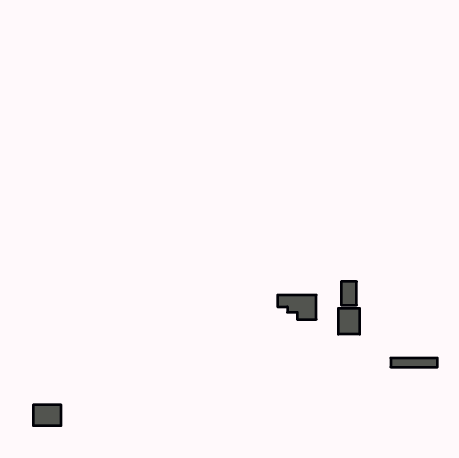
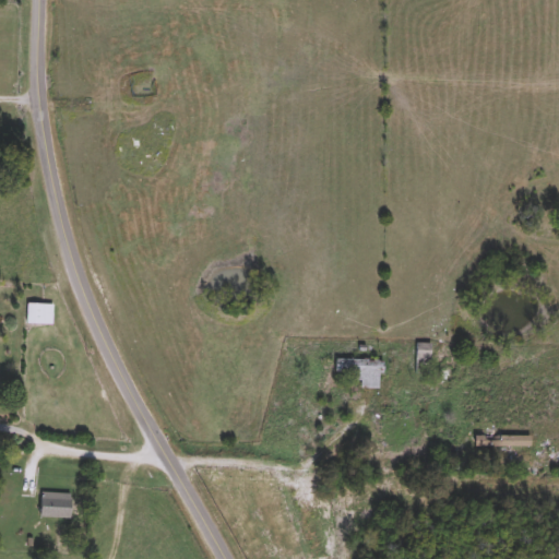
building: none -> [27,302,53,323]
building: [338,308,360,334] -> none

